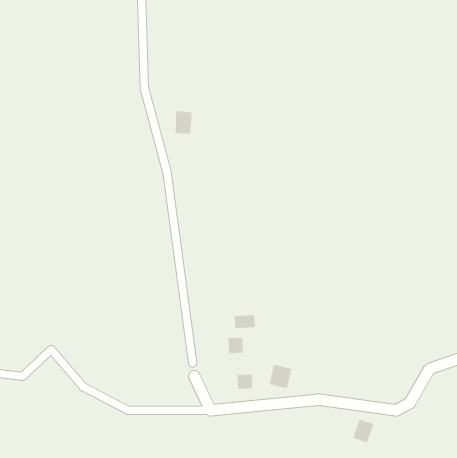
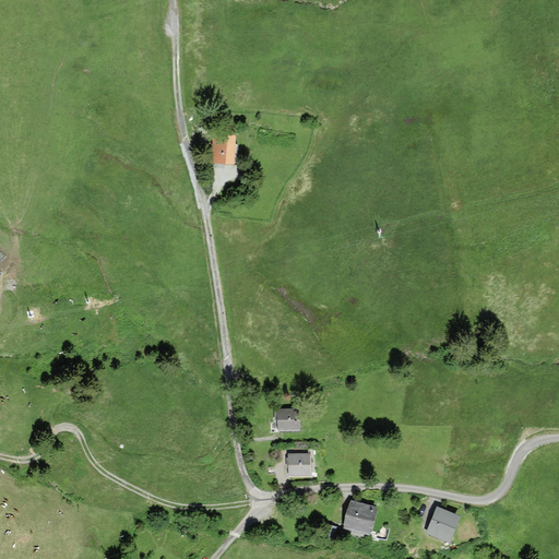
building: [234,314,255,329] -> none
building: [269,364,292,389] -> [345,502,373,533]

